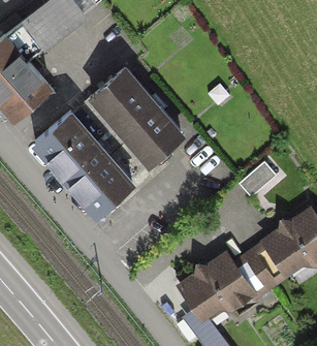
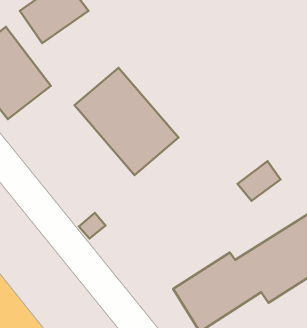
building: [34,107,136,213] -> none

